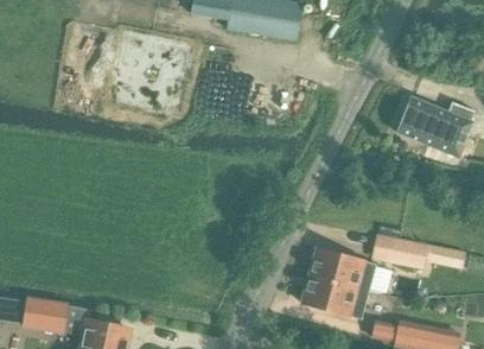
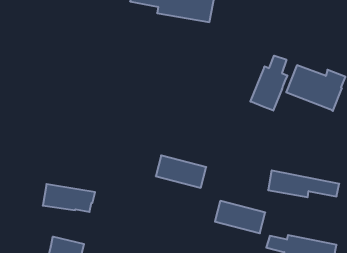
building: none -> [250,56,287,111]
building: [308,247,375,290] -> [156,155,206,188]
building: [24,297,93,334] -> [43,184,95,212]

